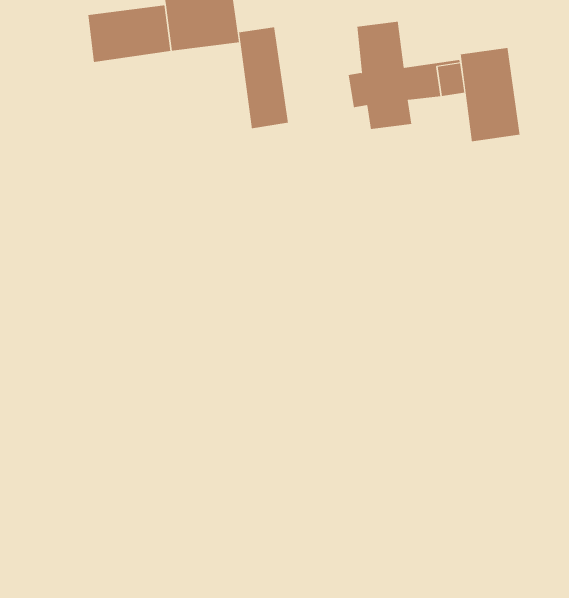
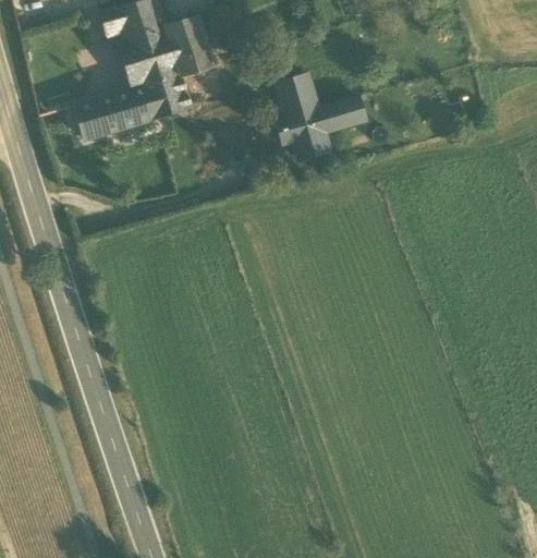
building: [238,27,289,129] -> none
building: [460,47,520,142] -> none

